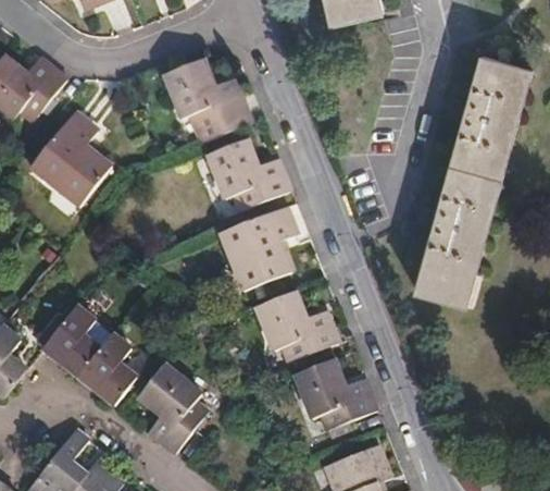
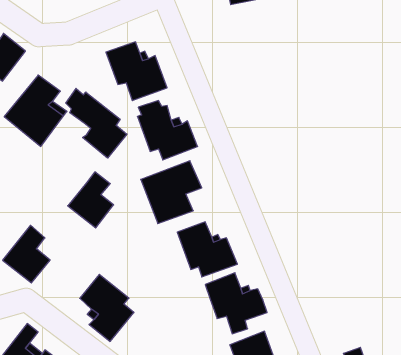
building: [417,51,533,300] -> none
building: none -> [66,88,127,158]
building: [75,333,134,405] -> [68,172,114,228]

